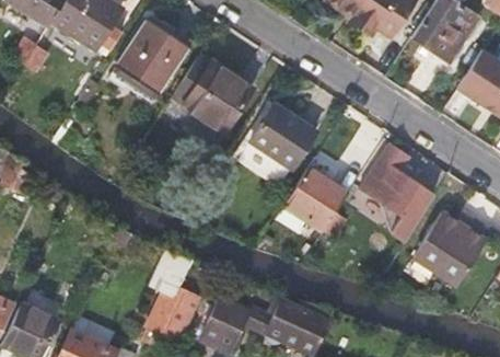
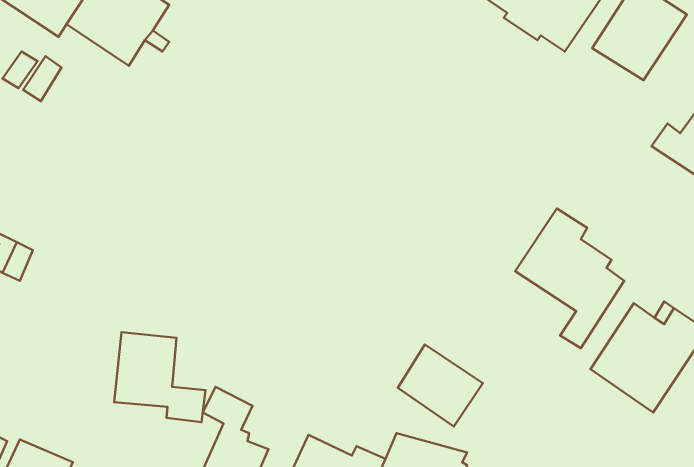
building: [118,20,189,93] -> none
building: [182,60,264,138] -> none
building: [249,103,317,171] -> none
building: [290,166,348,222] -> [398,345,483,426]
building: none -> [114,332,205,422]

